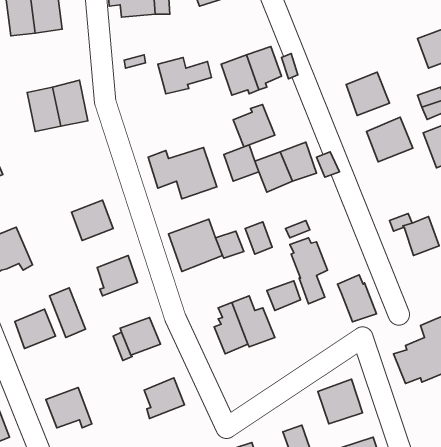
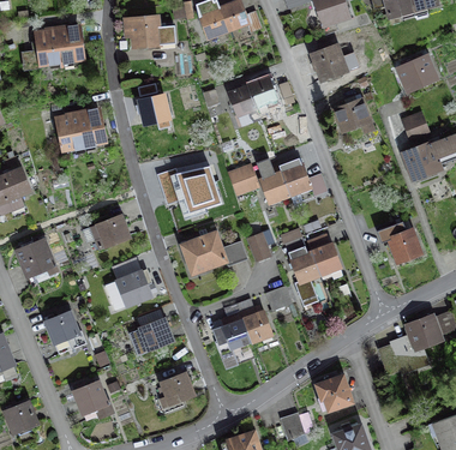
building: none -> [314,43,353,84]
building: none -> [134,91,172,126]
building: [233,105,275,147] -> none
building: [366,117,413,162] -> none
building: [338,275,377,322] -> [307,233,342,275]
building: [50,288,85,337] -> none

